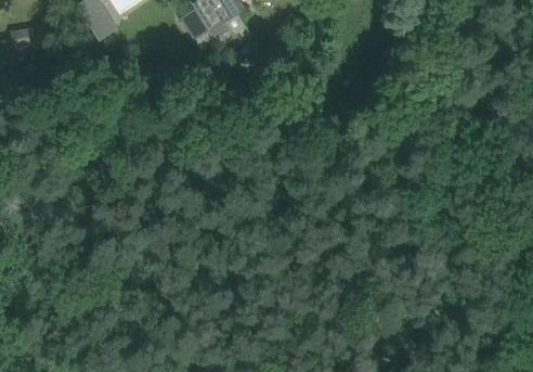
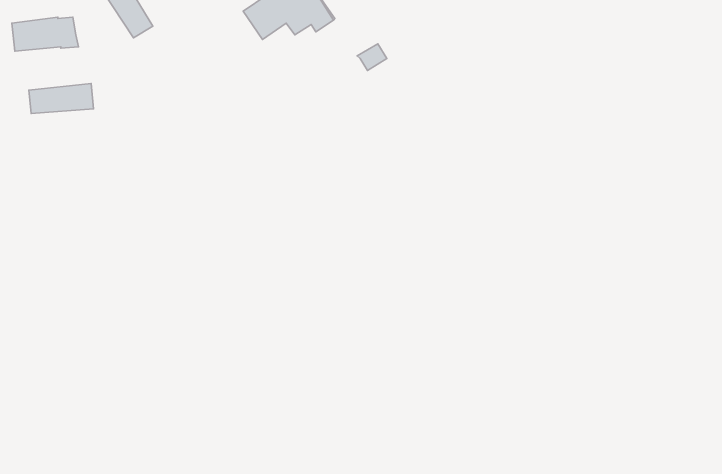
building: none -> [29,83,93,113]

